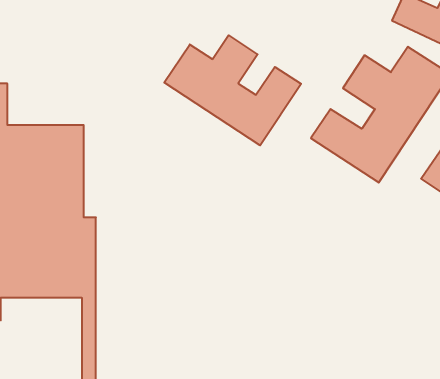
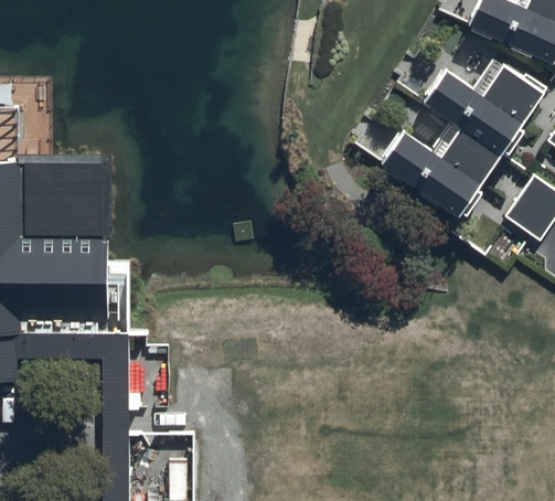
building: [164,35,301,145] -> none

